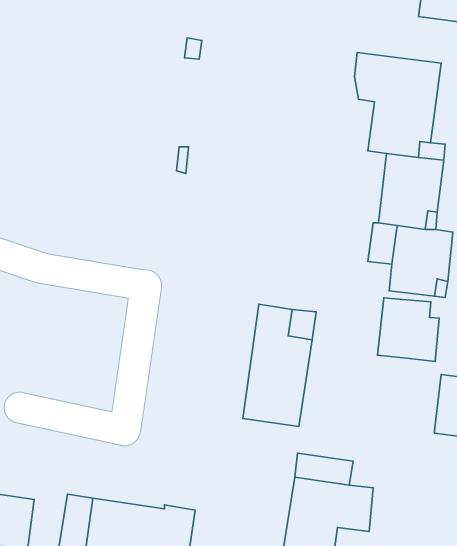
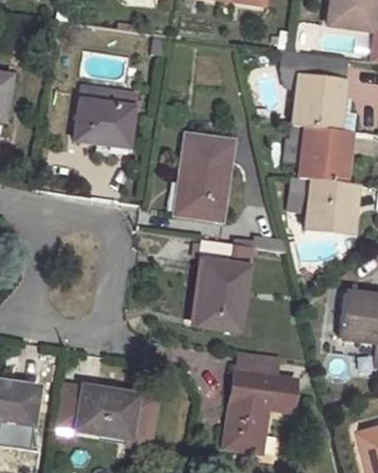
building: none -> [73,85,137,146]
building: none -> [180,135,231,220]
building: [378,298,439,361] -> none

